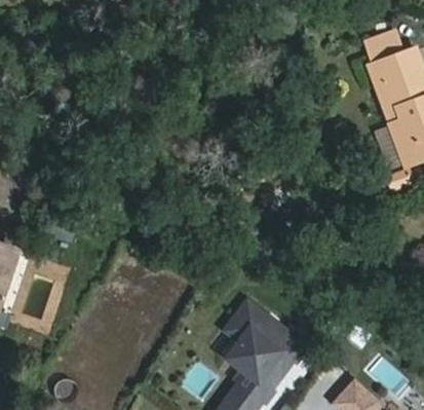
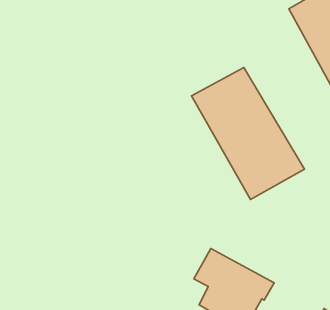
building: none -> [191,67,304,200]

